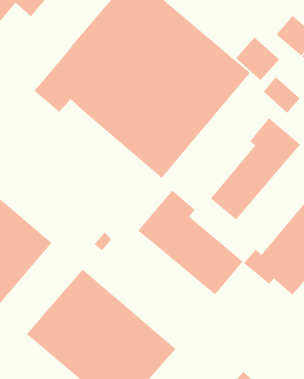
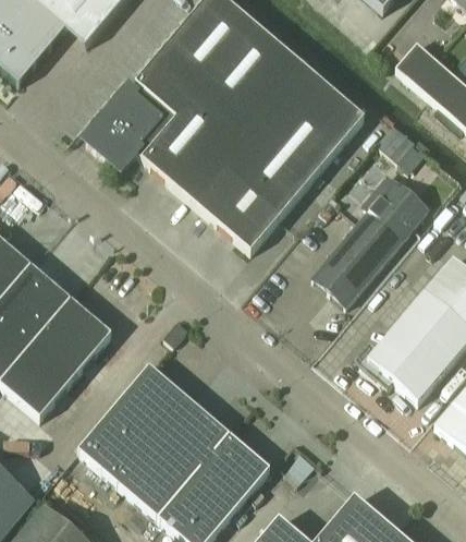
building: [235,37,280,81] -> none
building: [137,189,244,295] -> none

